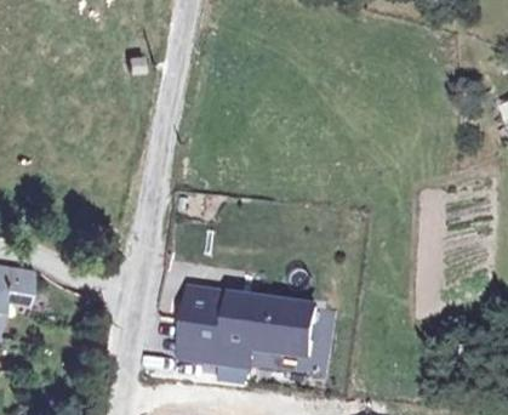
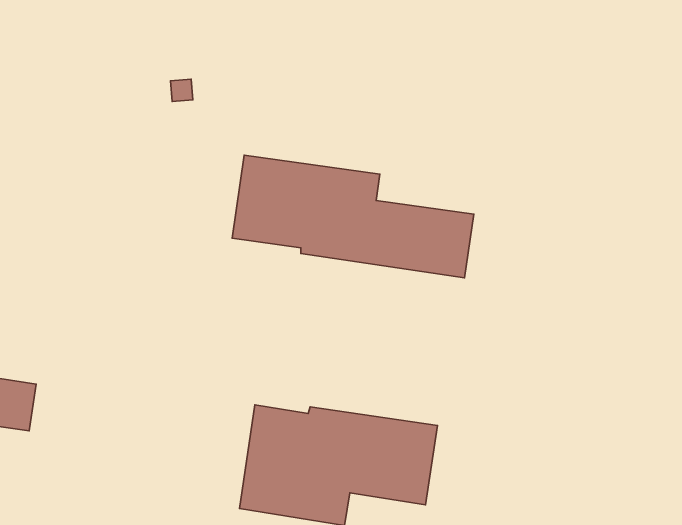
building: none -> [232,155,474,278]

